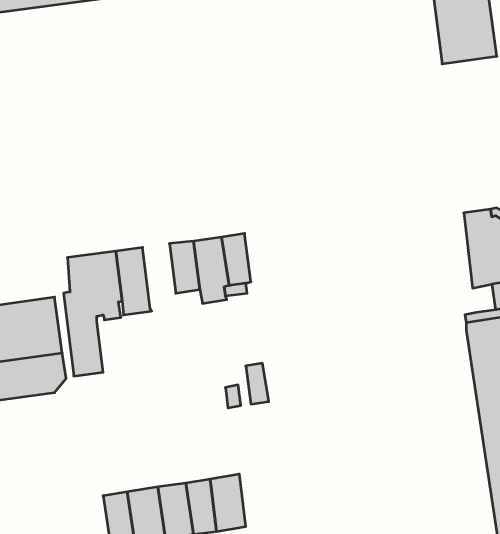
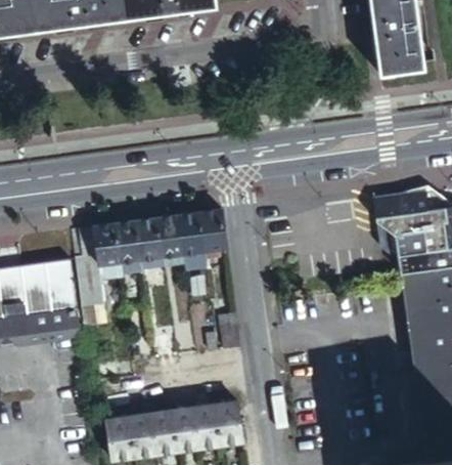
building: none -> [368,193,405,255]
building: none -> [140,217,168,269]
building: none -> [218,400,245,445]

